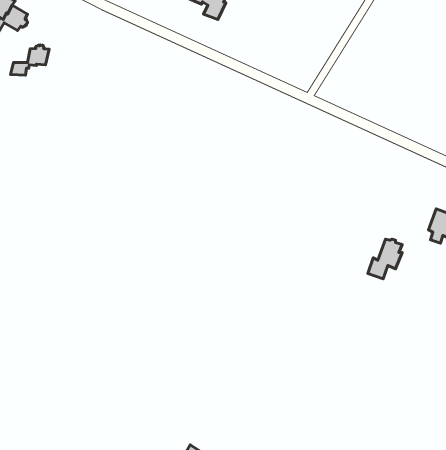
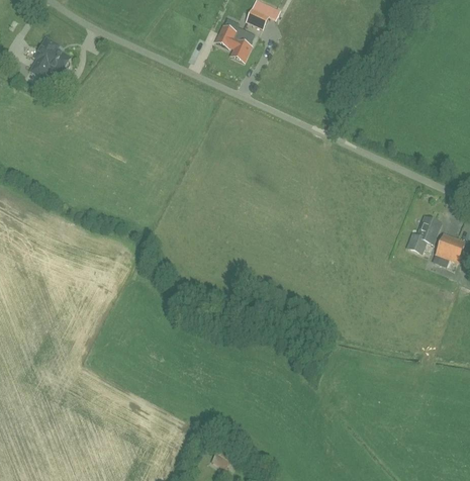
building: [11,45,49,75] -> none
building: [368,239,402,279] -> [407,217,439,254]

